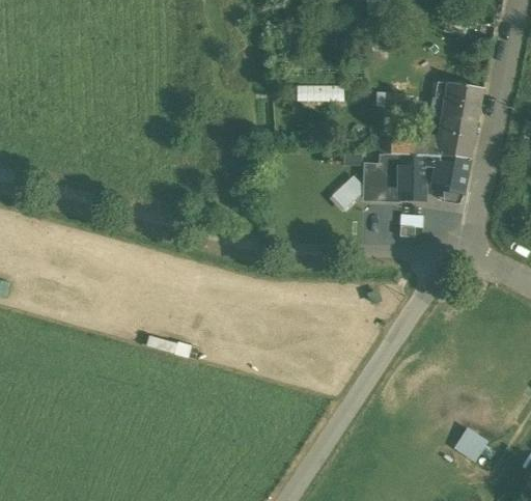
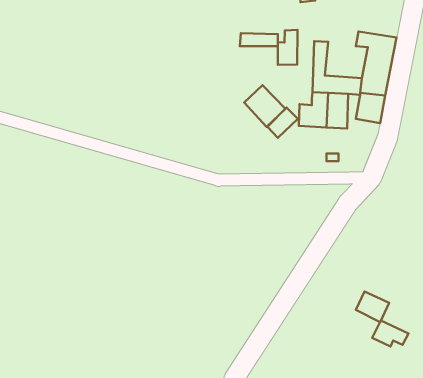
building: none -> [278,30,297,65]
building: none -> [244,85,285,127]
building: none -> [356,291,389,322]

